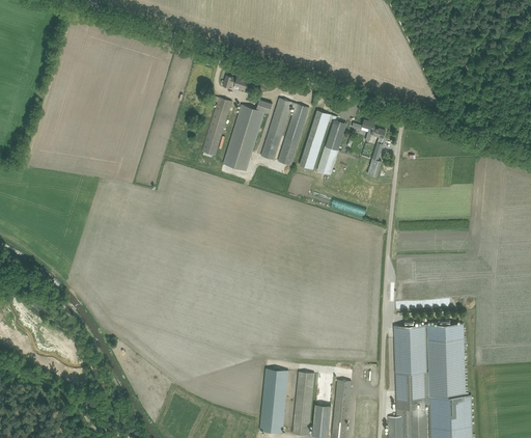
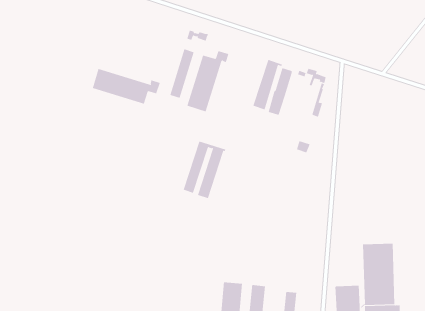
building: [260,99,311,166] -> [183,141,226,199]
building: none -> [92,68,160,105]
building: [393,322,426,374] -> none

